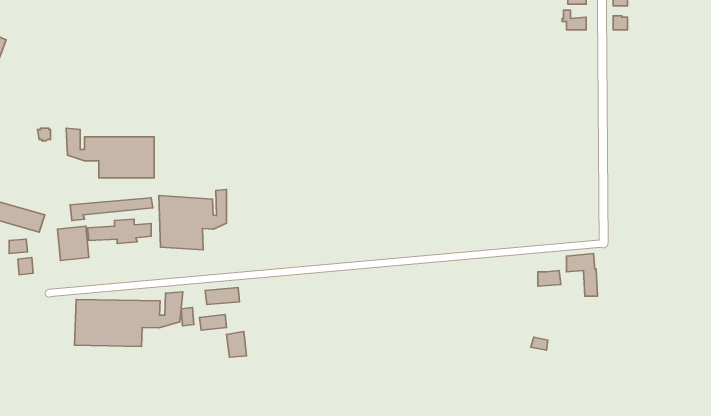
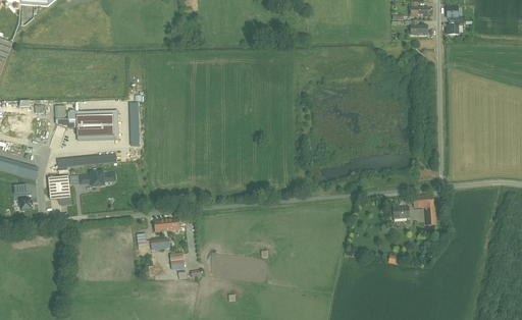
building: [159,189,227,250] -> none
building: [75,292,183,346] -> none

